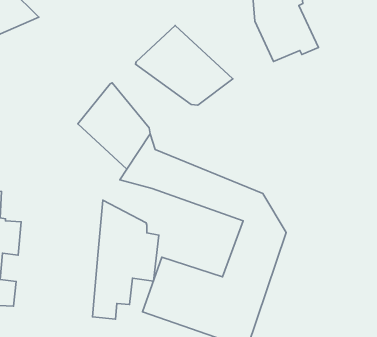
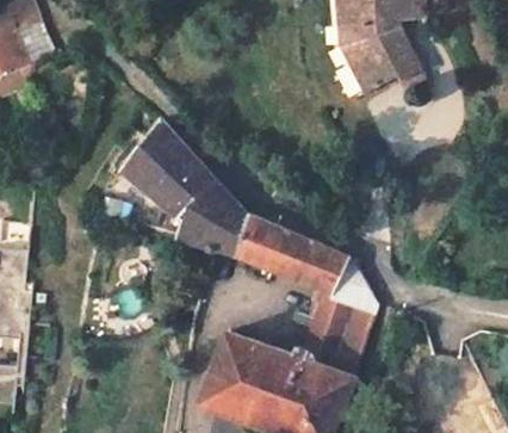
building: [135,26,233,105] -> none
building: [92,200,159,319] -> none

